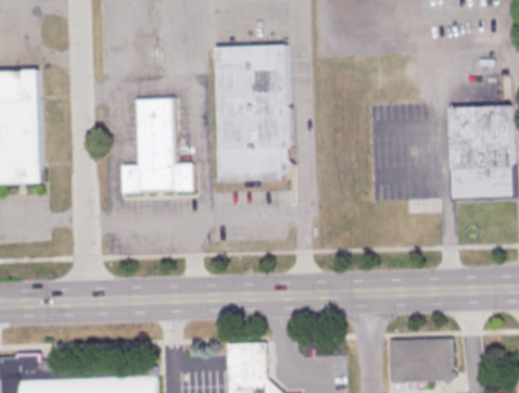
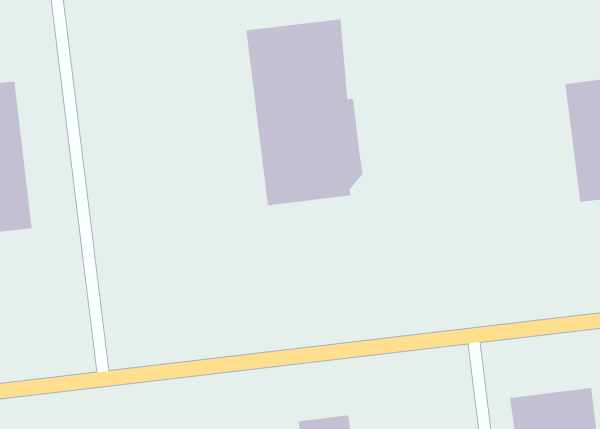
building: [121,96,192,192] -> none

